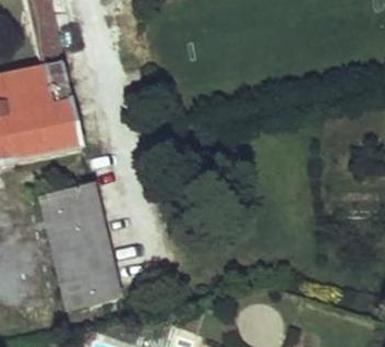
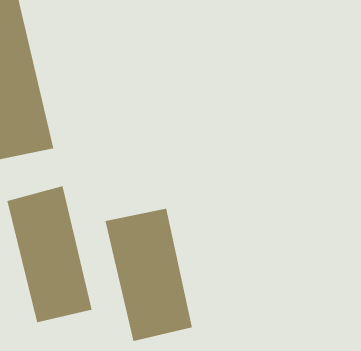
building: none -> [105,208,193,342]

